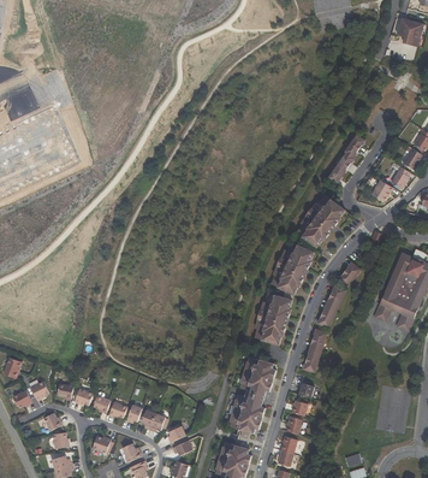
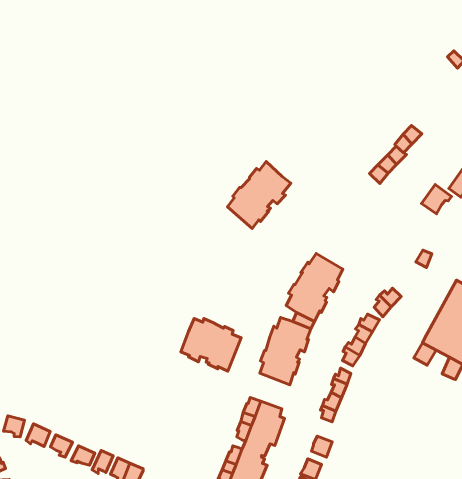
building: [296,193,344,246] -> [227,161,291,229]
building: none -> [181,319,241,371]

